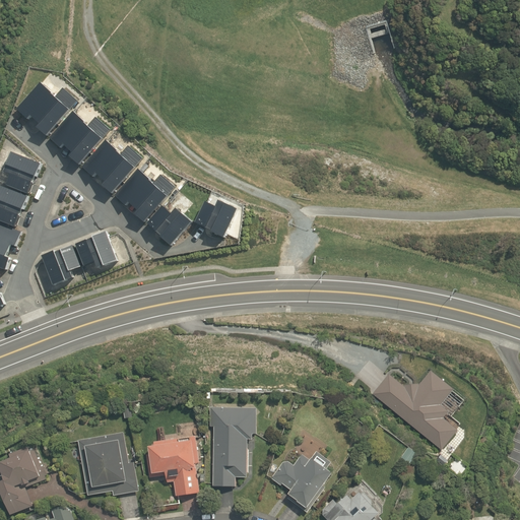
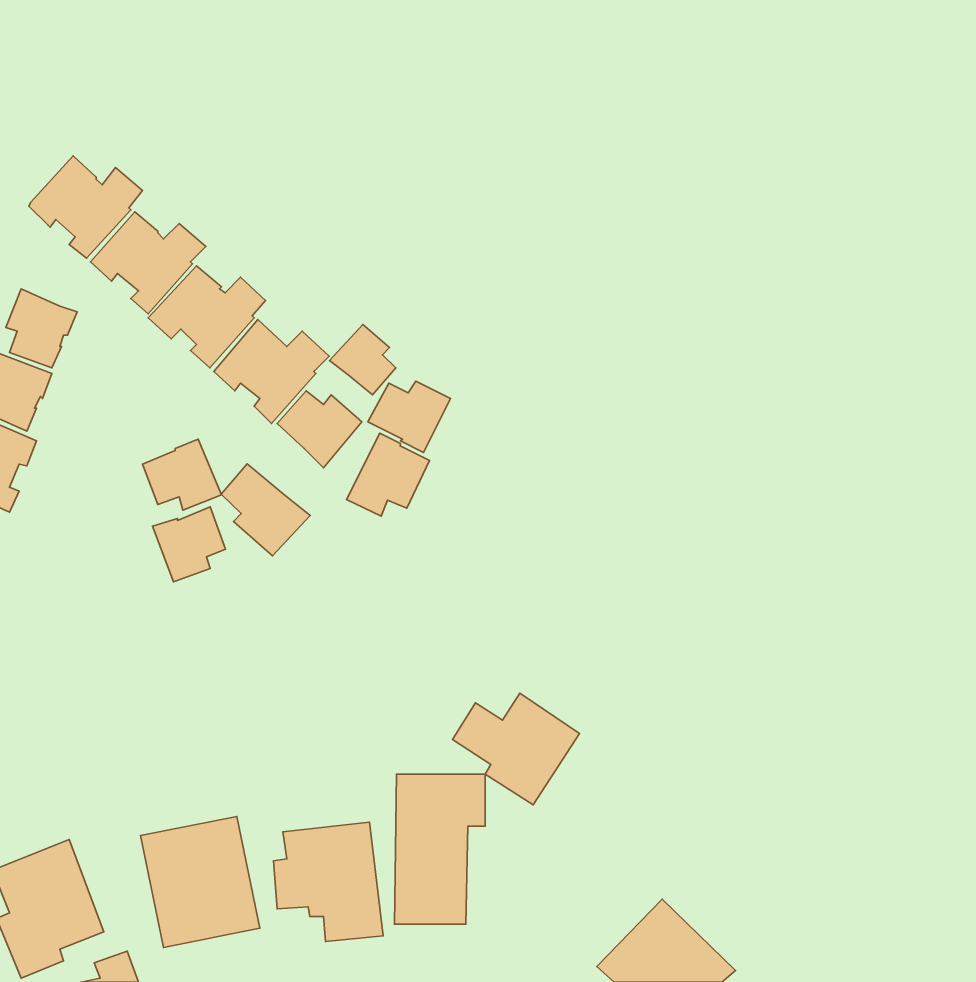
building: none -> [330,324,396,395]
building: none -> [347,433,429,516]
building: none -> [221,464,310,556]
building: [42,246,80,285] -> [152,507,226,582]
building: [366,367,462,453] -> none
building: [270,453,337,512] -> [452,693,579,805]

